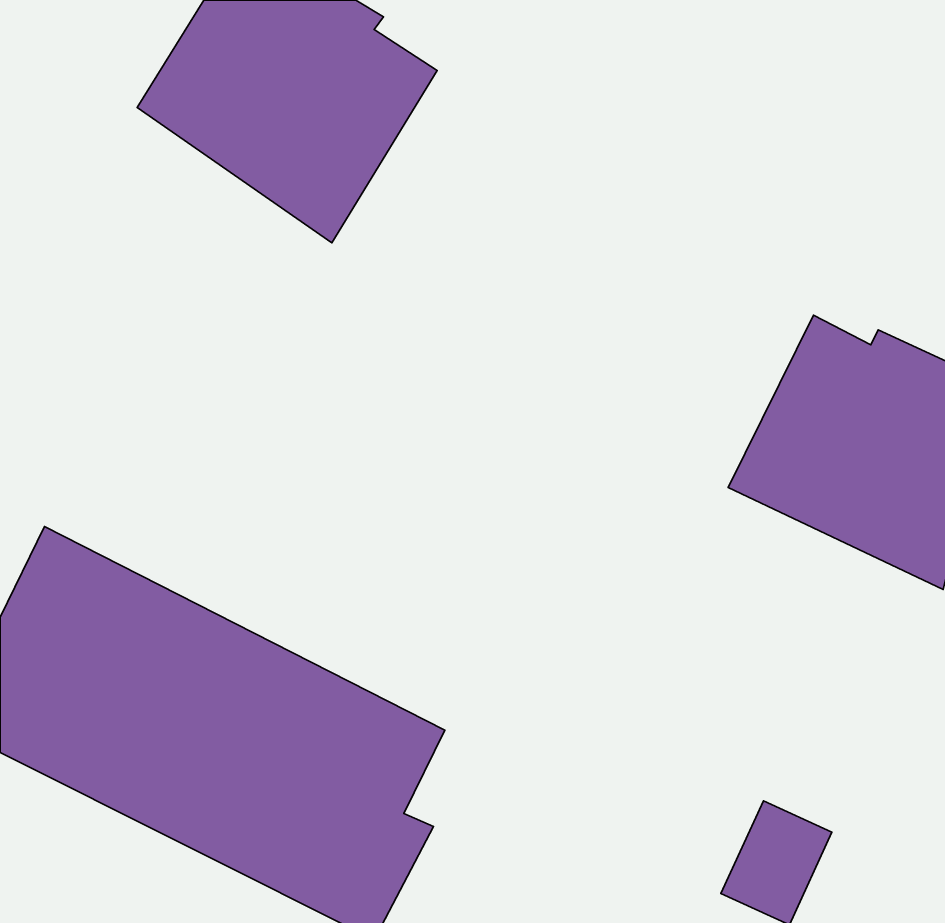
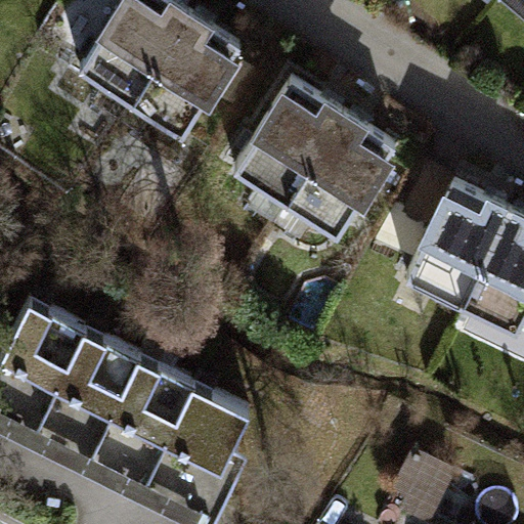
building: none -> [231,84,397,243]

